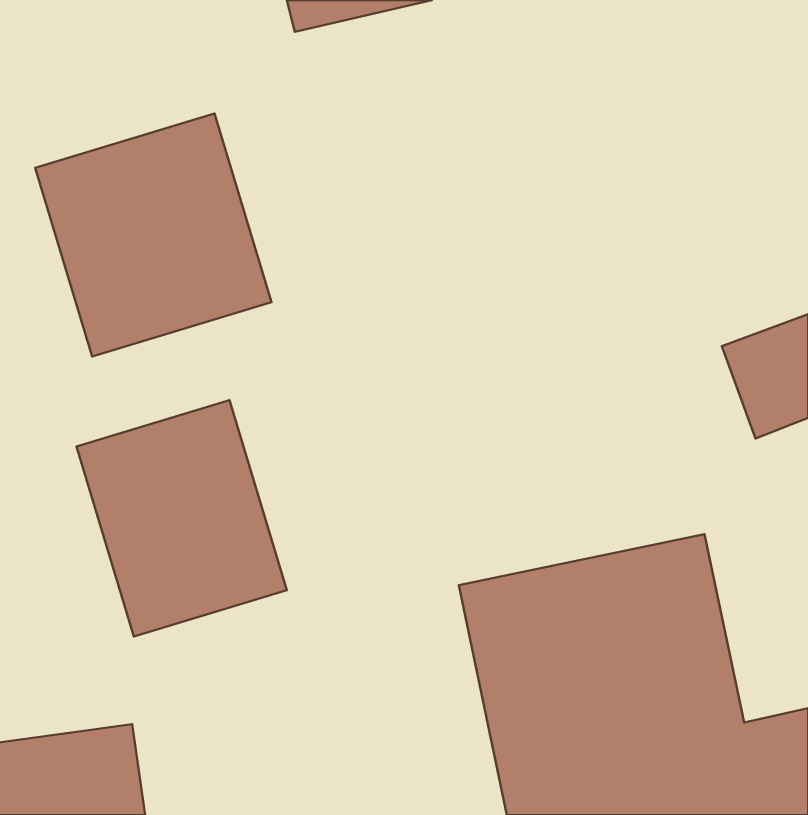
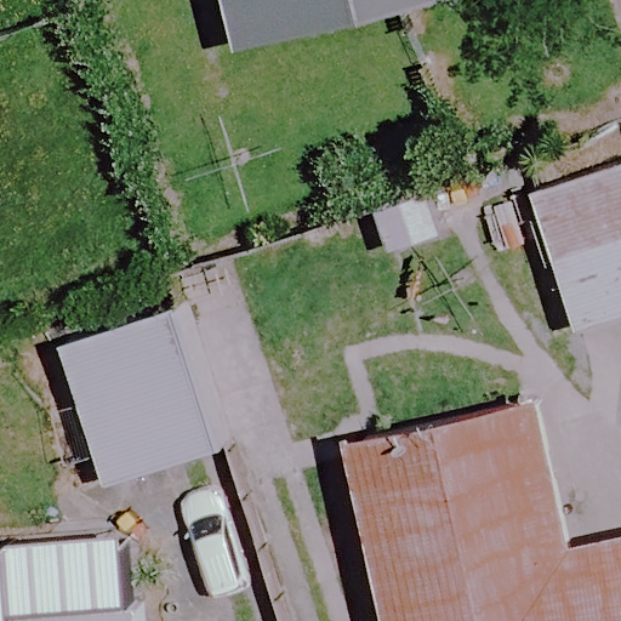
building: [35,114,271,356] -> none

